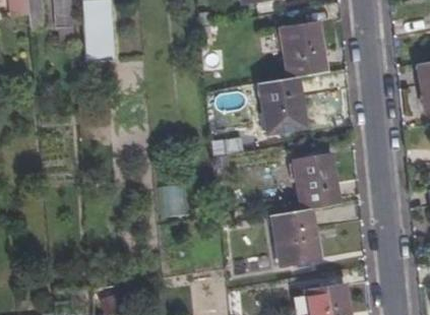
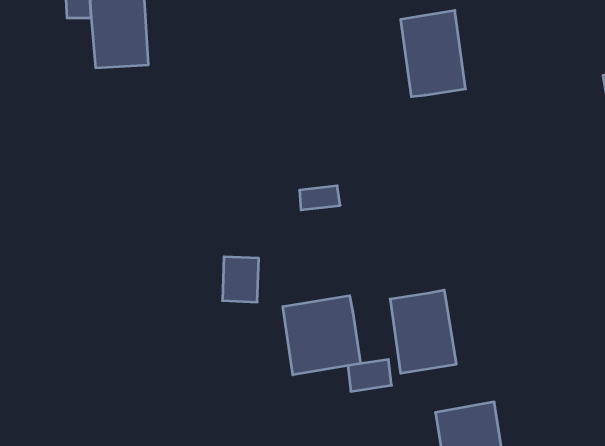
building: [260,77,305,133] -> none
building: [294,155,339,210] -> none
building: none -> [283,296,361,375]

